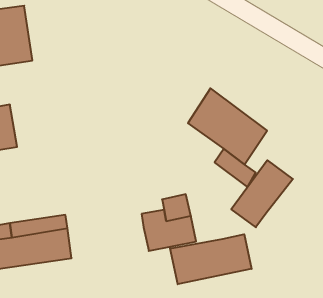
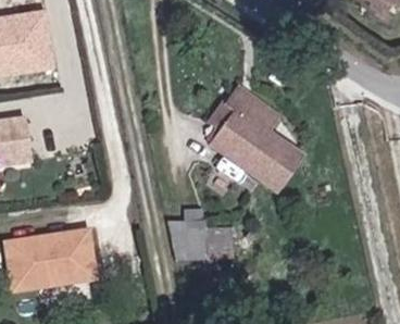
building: [231,160,293,227] -> none
building: [170,234,252,284] -> none

